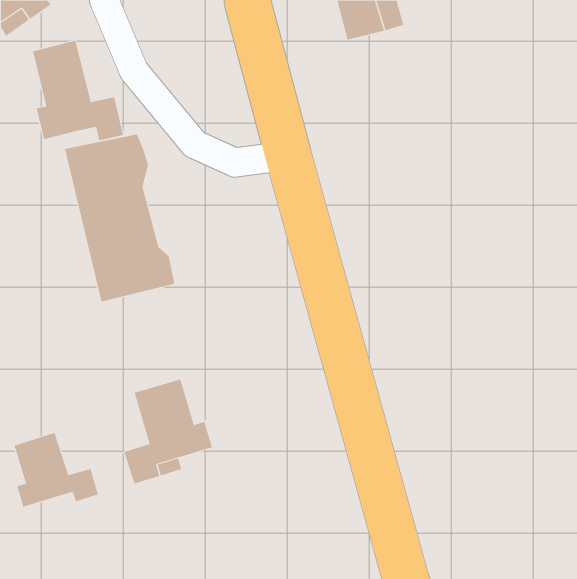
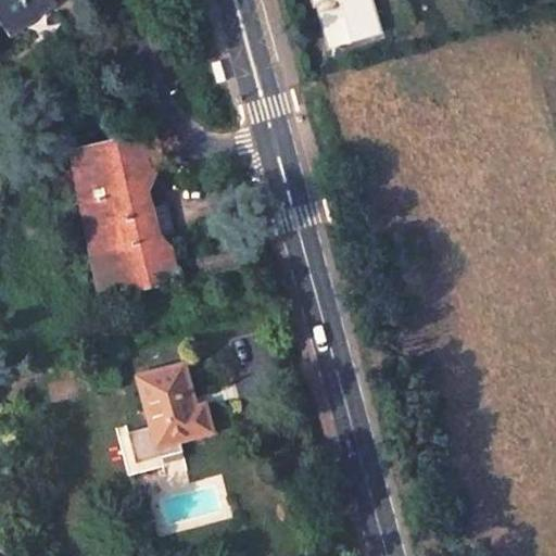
building: [32,40,123,141] -> none
building: [14,432,99,508] -> none

